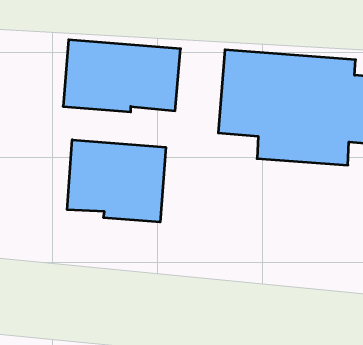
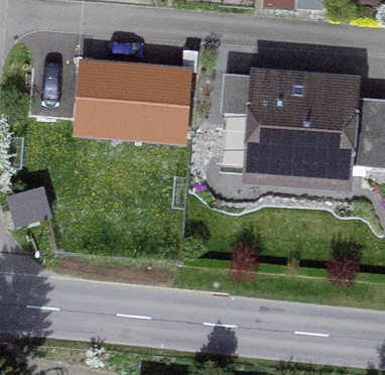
building: [67,140,166,222] -> none

